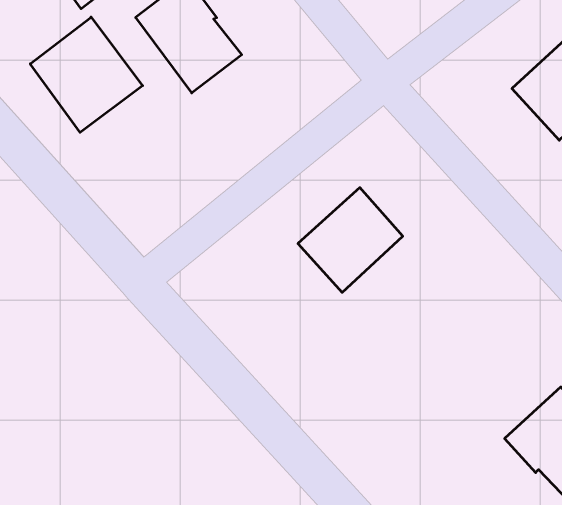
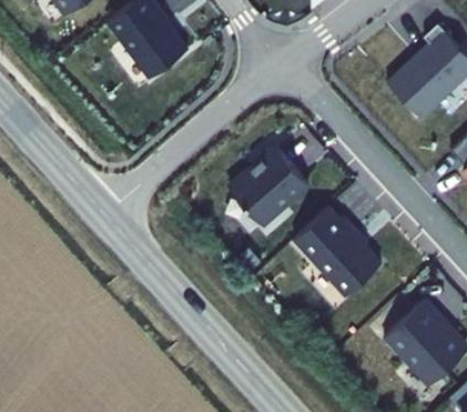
building: [30,17,143,132] -> none
building: none -> [294,208,380,297]

